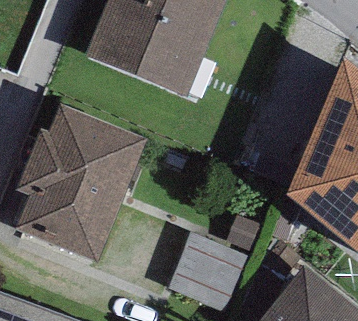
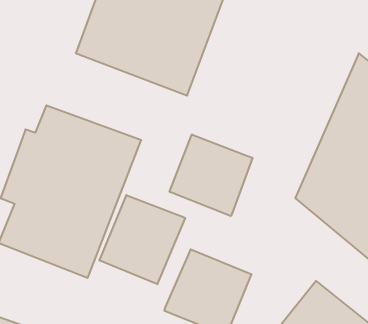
building: none -> [170,134,252,216]
building: none -> [99,195,185,284]

